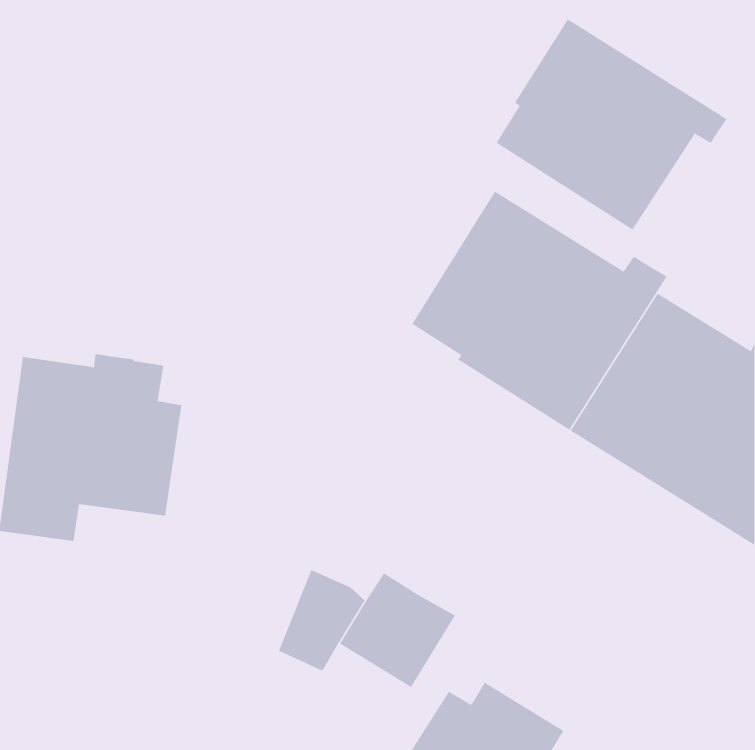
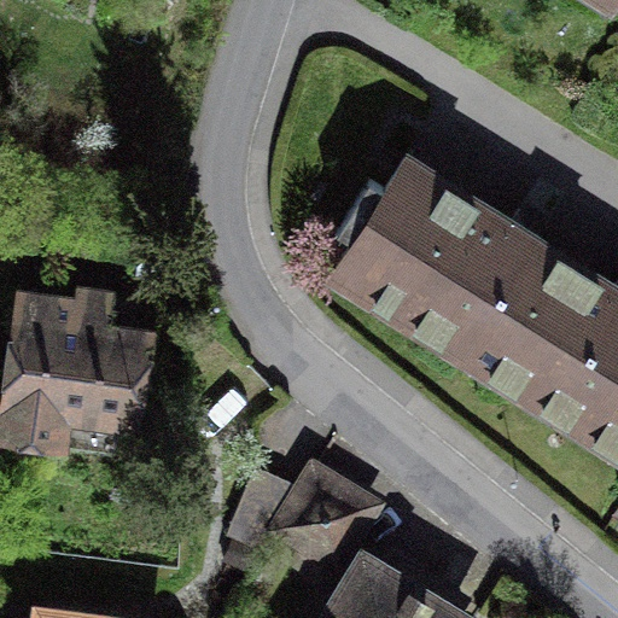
building: [496,18,727,230] -> none

